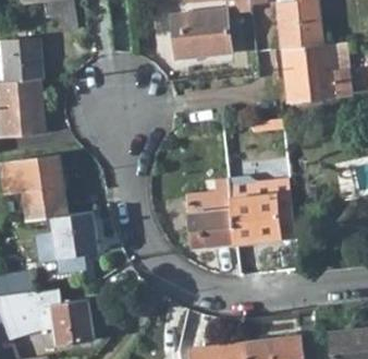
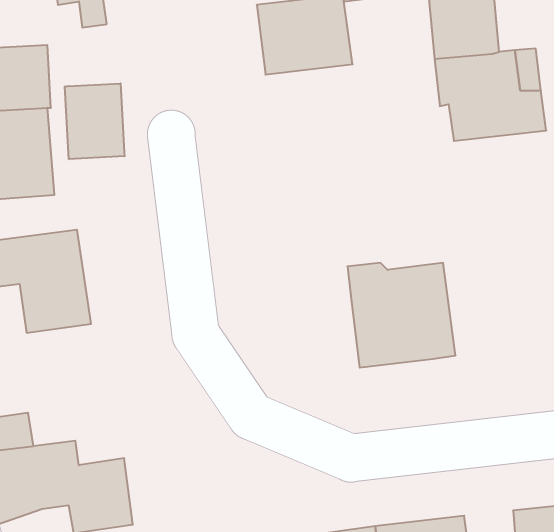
building: none -> [65,83,125,159]
building: [185,178,235,248] -> none
building: [36,211,98,273] -> none

